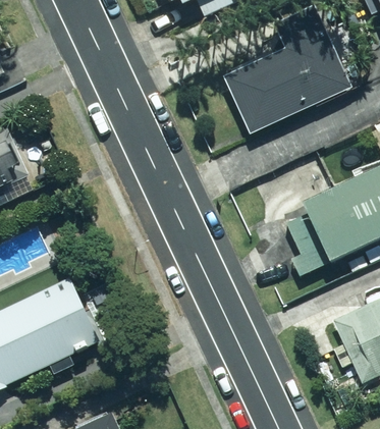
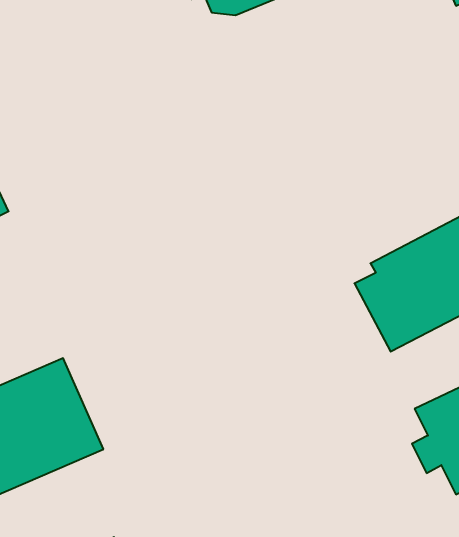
building: [222,33,350,133] -> none

